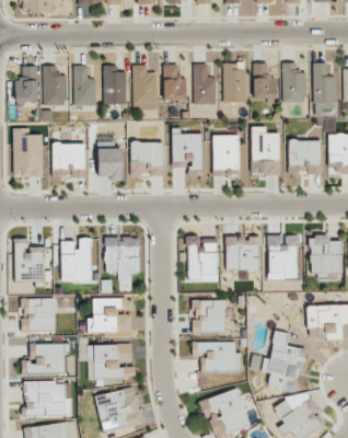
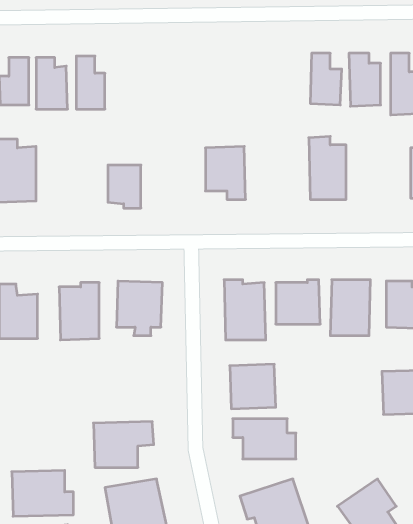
building: [222,62,246,102] -> none
building: [193,64,214,104] -> none
building: [103,65,126,104] -> none
building: [132,65,158,110] -> none
building: [162,65,186,101] -> none
building: [212,135,240,175] -> none
building: [288,140,321,174] -> none
building: [130,141,164,175] -> none
building: [51,143,85,176] -> none
building: [23,298,55,332] -> none
building: [88,298,131,333] -> none
building: [262,331,303,391] -> none
building: [21,343,63,372] -> none

